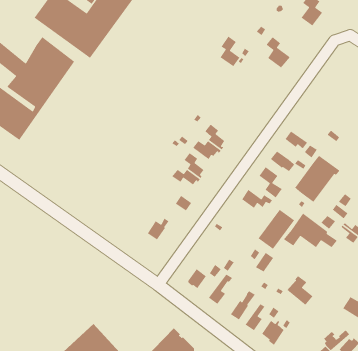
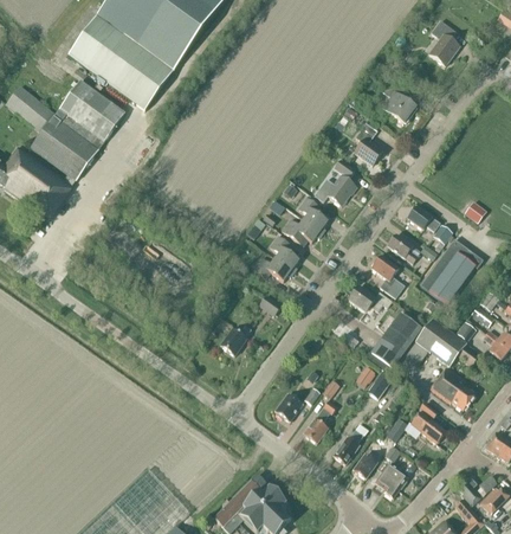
building: [220,36,240,67] -> [354,122,382,165]
building: none -> [326,159,356,205]
building: none -> [431,367,474,410]

